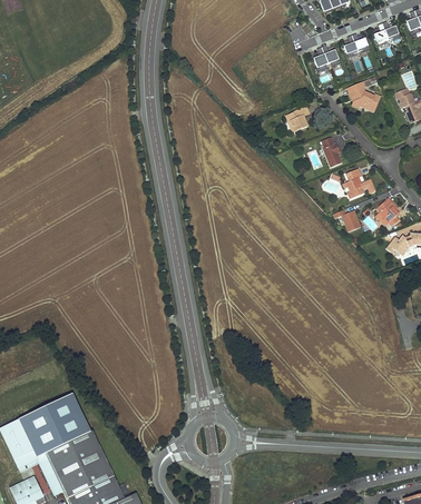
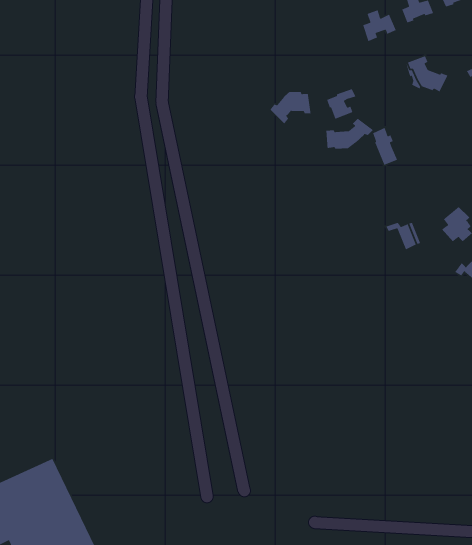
building: none -> [269,91,312,125]
building: none -> [326,118,374,150]
building: [346,168,375,198] -> none

